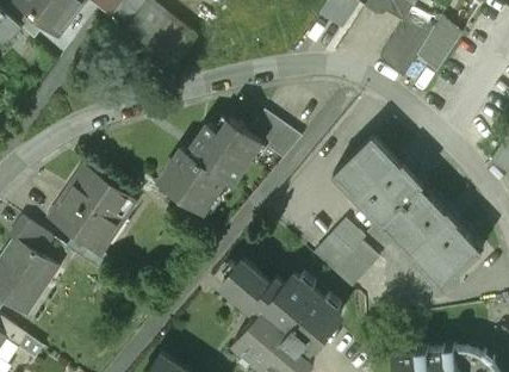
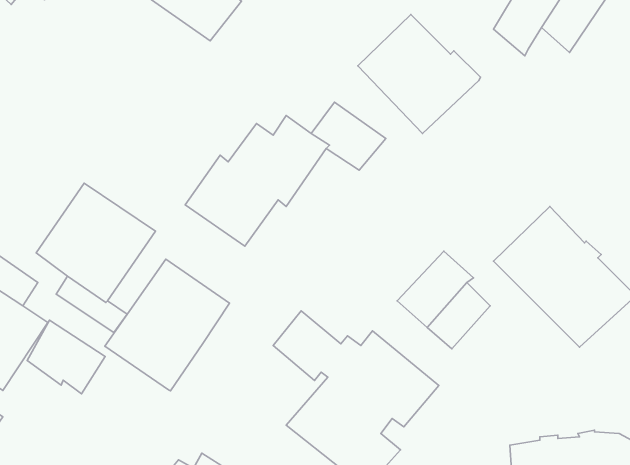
building: [334,136,422,222] -> [358,14,480,134]
building: none -> [105,259,229,391]
building: none -> [27,320,105,394]

